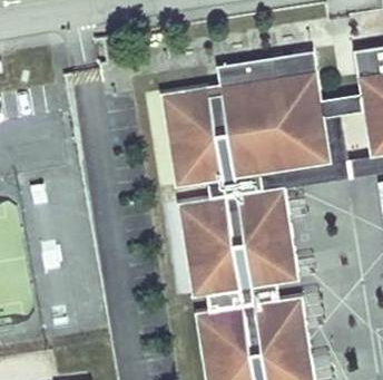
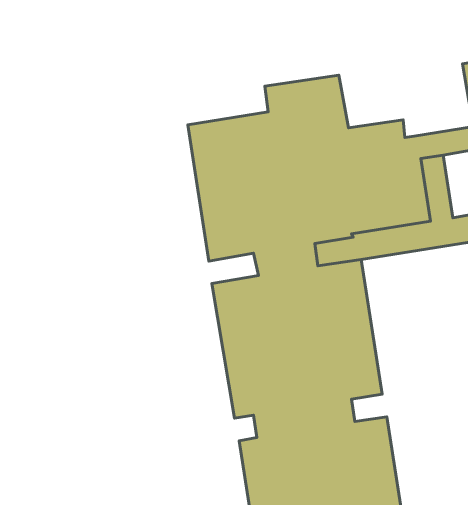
building: [267,51,320,103] -> none

